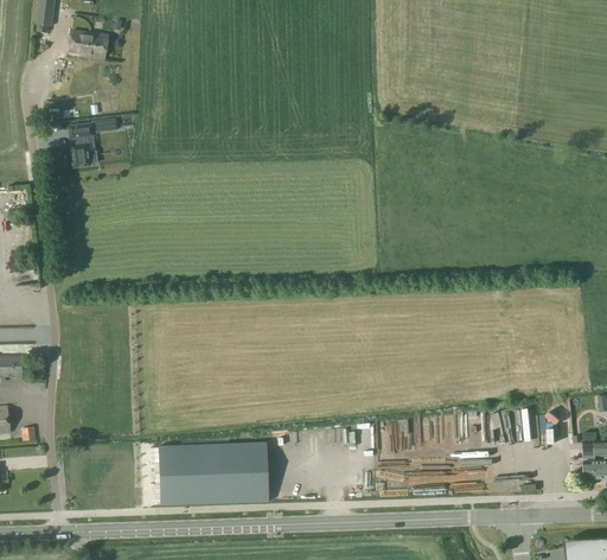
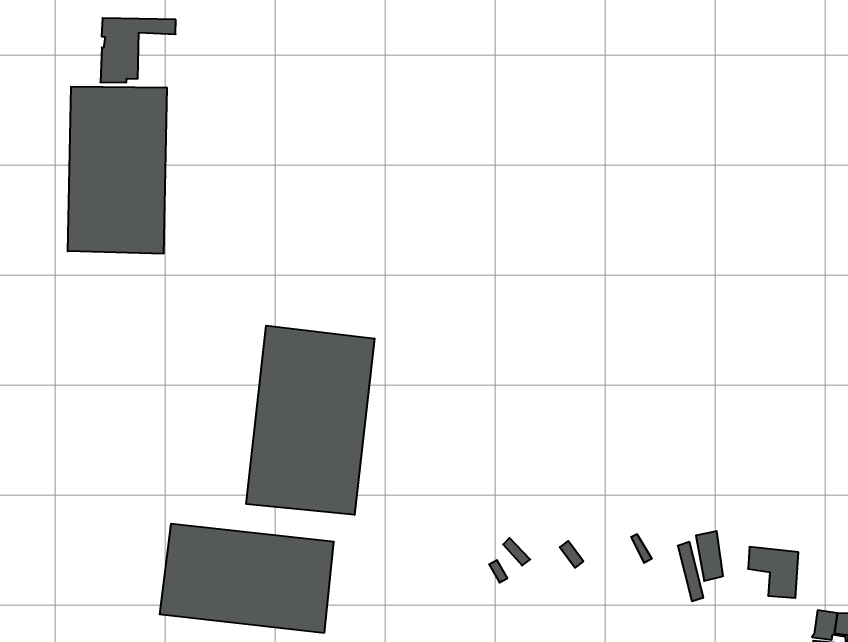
building: none -> [68,87,167,254]
building: none -> [246,326,374,515]

